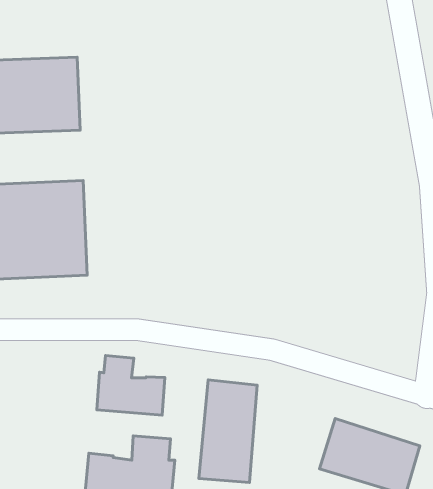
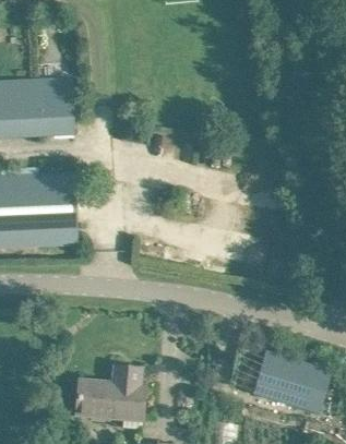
building: [97,355,165,415] -> none
building: [199,380,257,483] -> none

